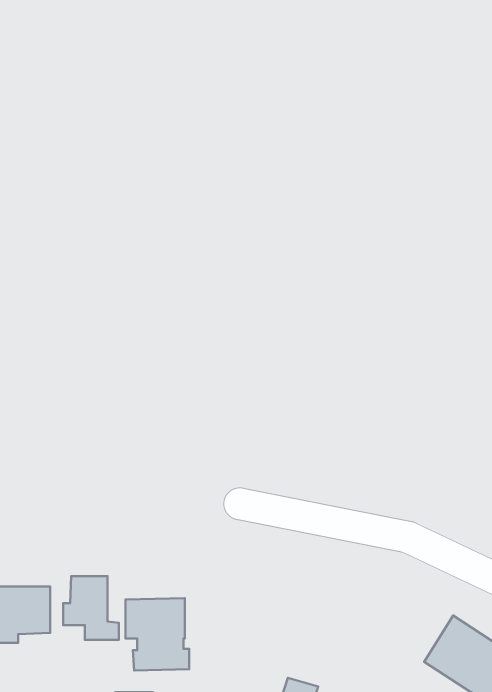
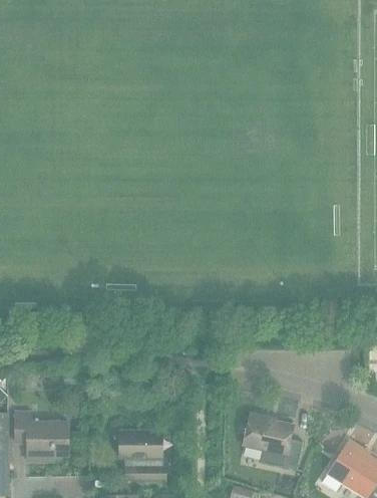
building: none -> [243,412,302,469]
building: [63,576,119,640] -> none

